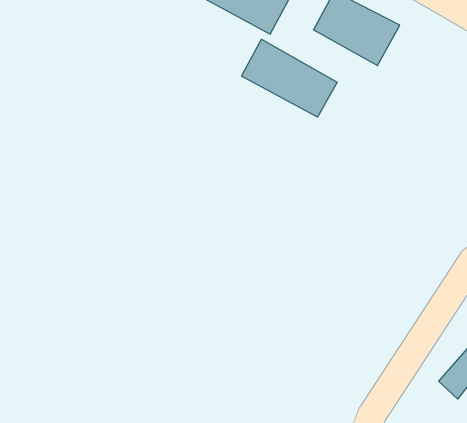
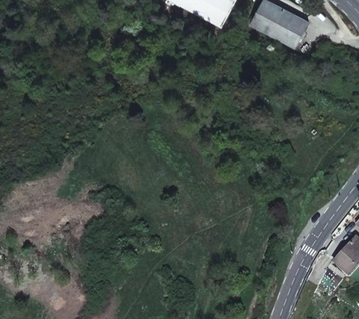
building: [242,39,337,117] -> none

